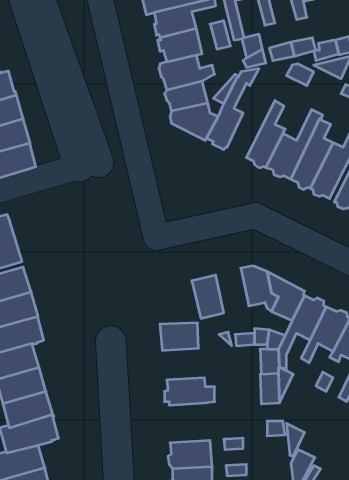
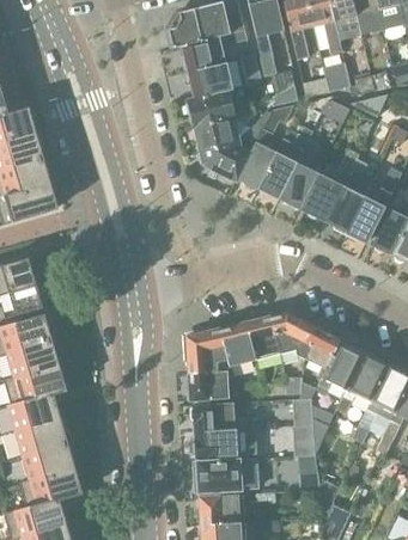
building: none -> [258,122,315,198]
building: none -> [246,314,281,361]
building: none -> [185,327,231,373]
building: none -> [190,403,254,431]
building: none -> [194,459,240,491]

